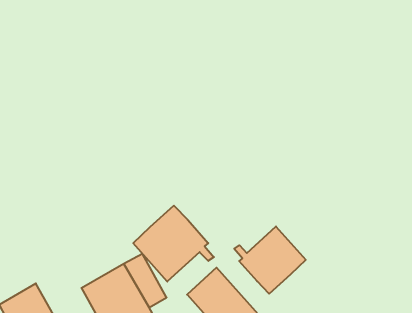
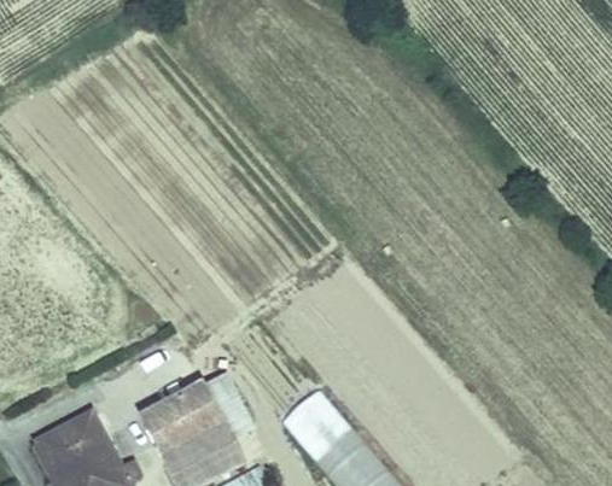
building: [133,206,214,282] -> none
building: [234,226,306,294] -> none

